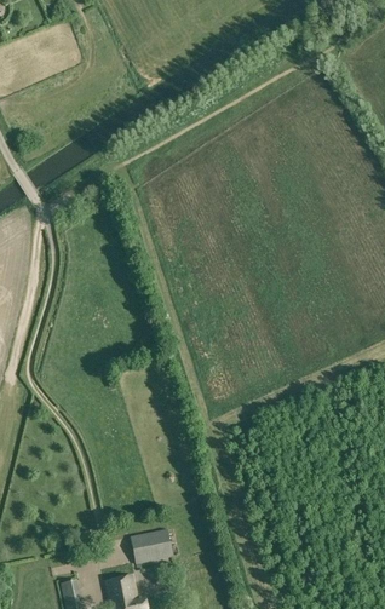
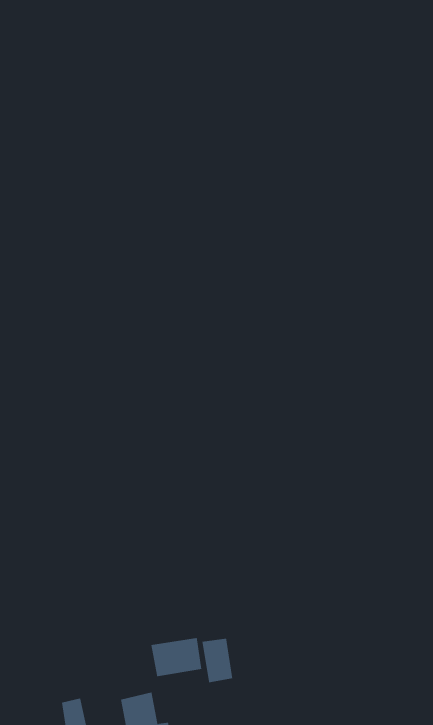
building: none -> [202,638,233,683]

